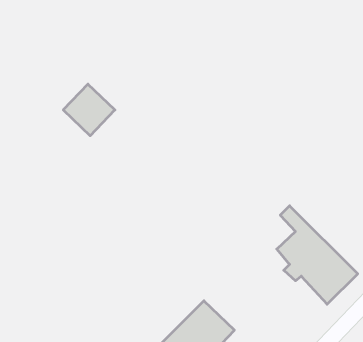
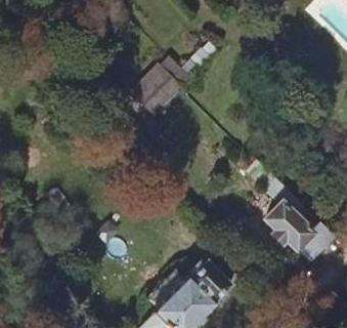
building: [63,84,115,136] -> [137,69,182,114]

